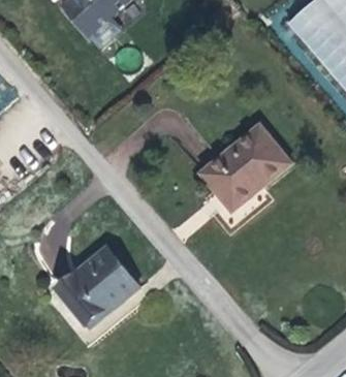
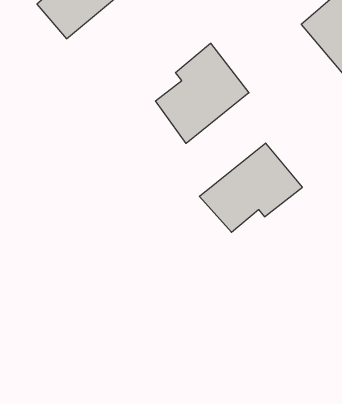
building: none -> [155,43,249,143]
building: [59,247,138,320] -> none

